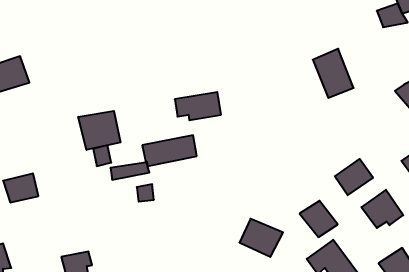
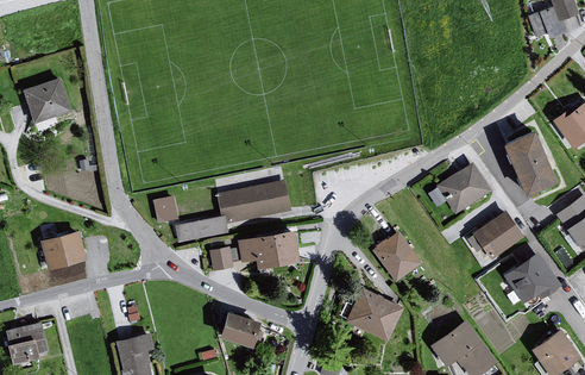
building: [313,49,354,98] -> [505,131,559,195]
building: [175,92,221,120] -> [239,229,300,265]
building: [78,111,121,150] -> none
building: none -> [435,164,489,215]
building: [300,201,338,237] -> [369,233,419,281]
building: none -> [216,310,258,346]

